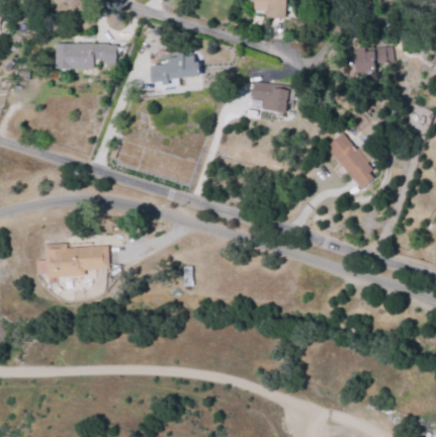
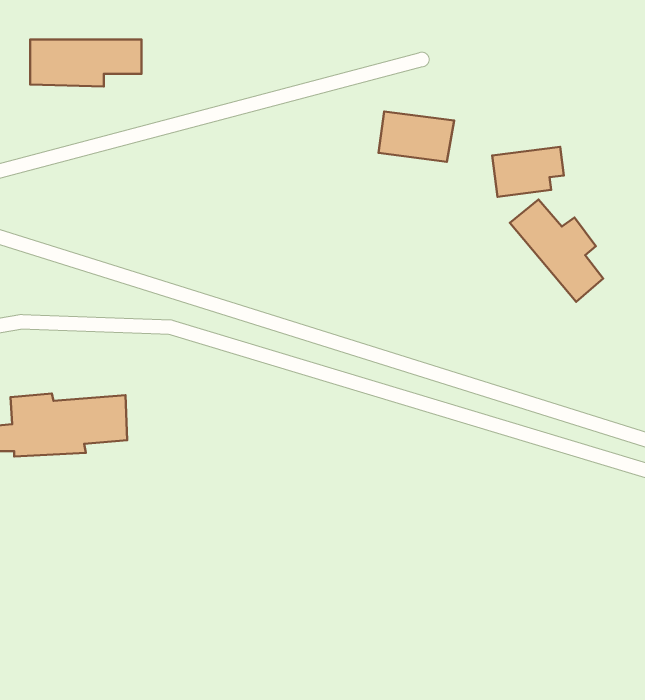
building: [353,45,394,73] -> [492,147,564,197]
building: [153,53,202,90] -> none

